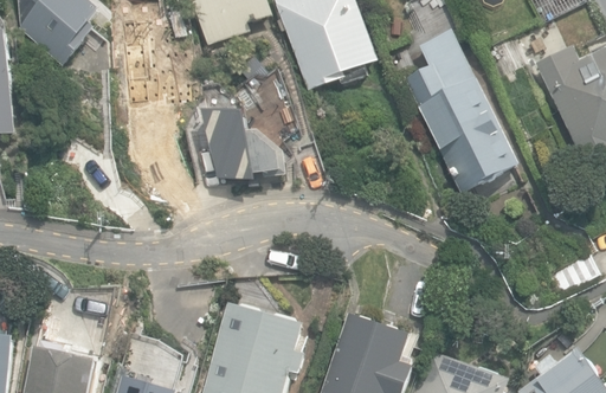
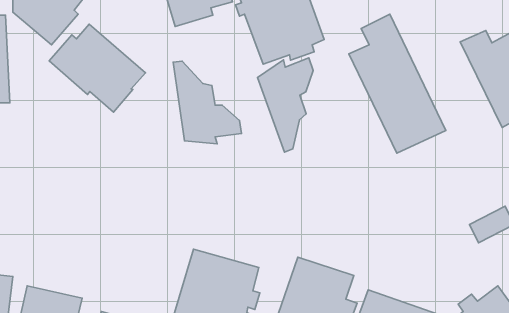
building: none -> [49,24,146,112]
building: none -> [258,58,313,152]

